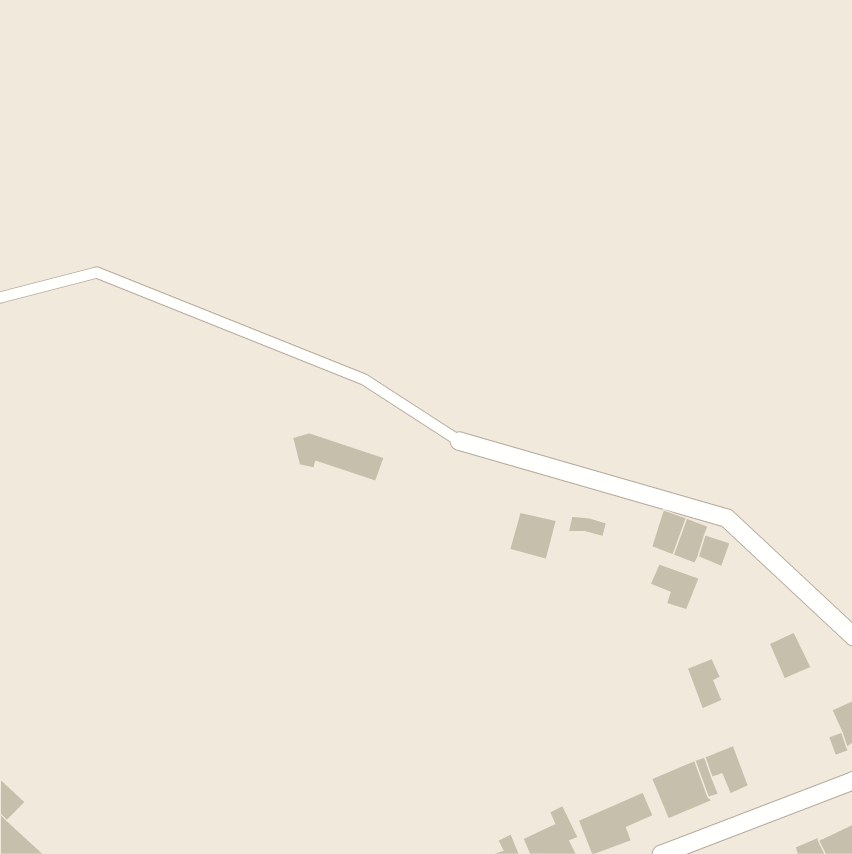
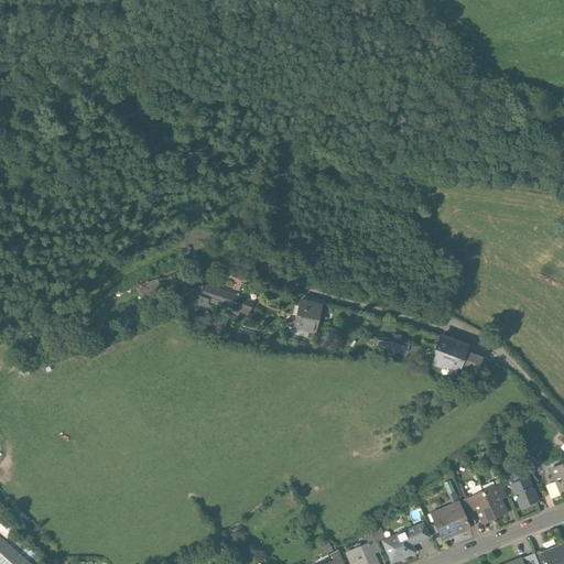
building: [510,512,556,559] -> [293,303,324,334]
building: [650,564,699,610] -> none
building: [769,632,811,679] -> [511,477,539,508]
building: [687,659,722,709] -> [485,485,508,518]

